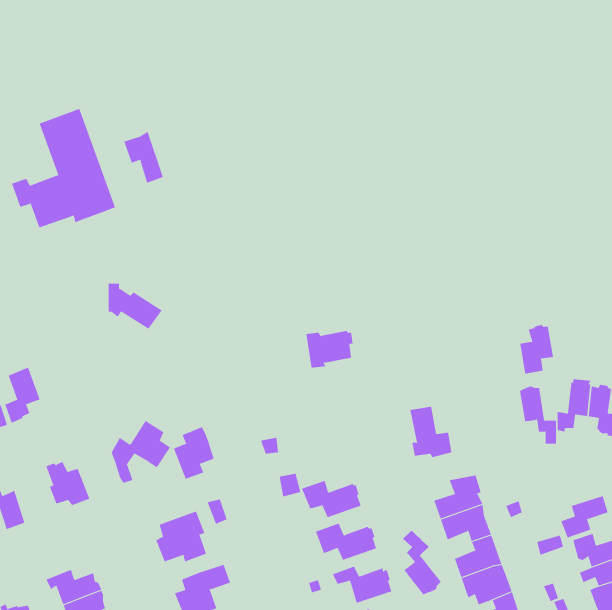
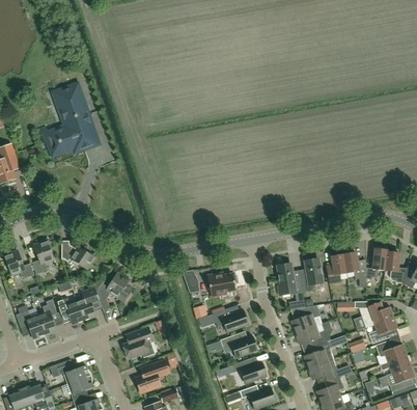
building: [124,131,164,183] -> none
building: [108,283,163,329] -> [62,241,95,269]
building: [519,324,554,374] -> [326,253,346,283]
building: [306,330,354,368] -> [207,273,237,296]
building: none -> [301,258,323,292]
building: [173,426,214,480] -> [77,288,102,320]
building: none -> [38,299,57,334]
building: none -> [359,301,394,328]
building: [402,530,442,595] -> none

